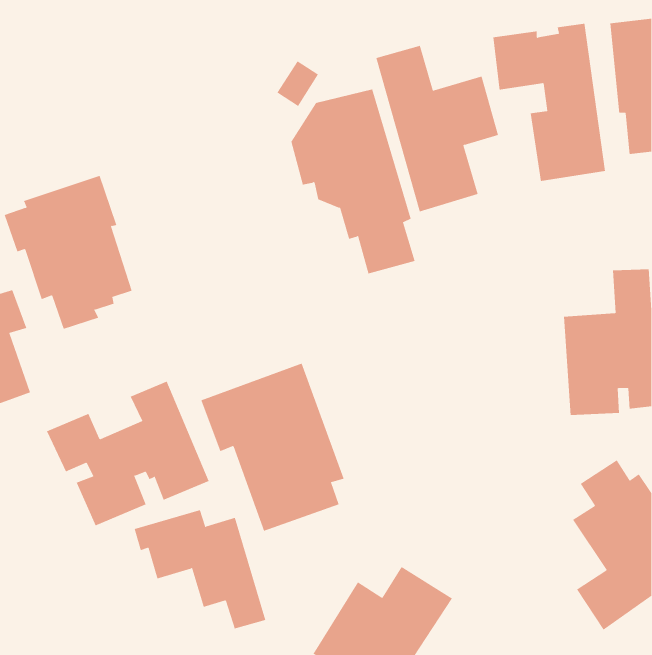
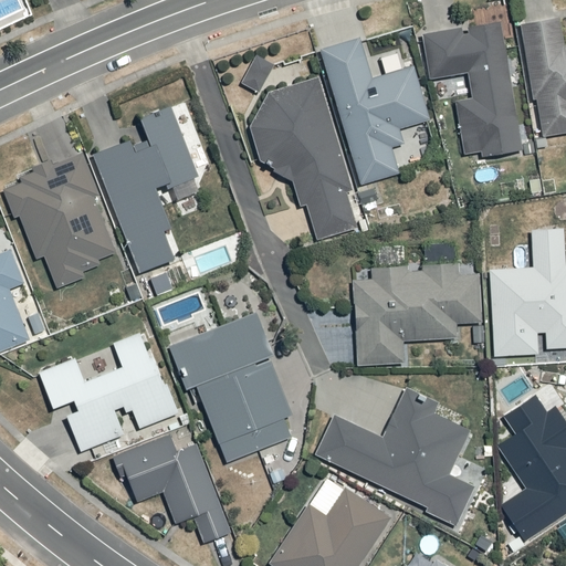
building: none -> [95,105,197,270]
building: none -> [355,237,482,364]
building: none -> [315,384,475,528]

